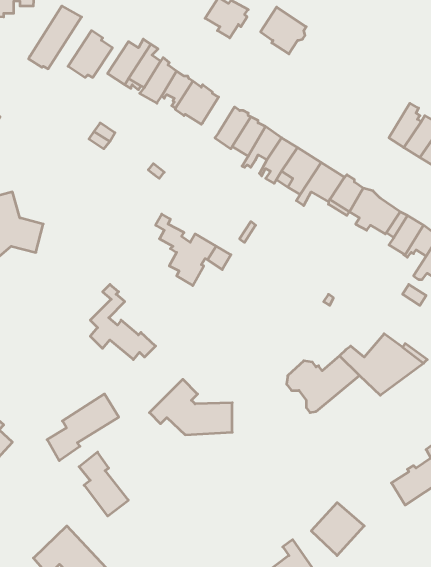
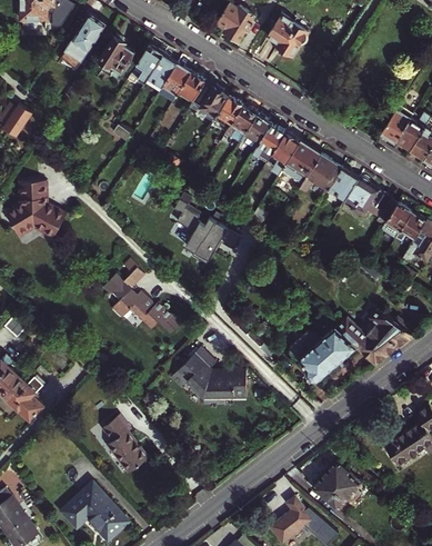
building: none -> [214,96,243,128]
building: [47,394,119,461] -> none

